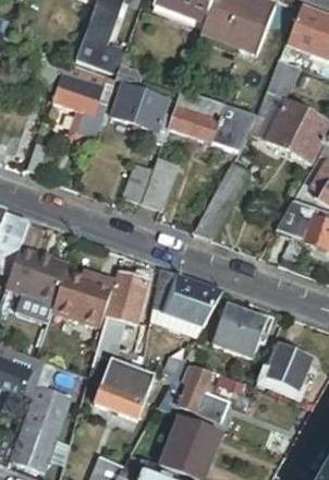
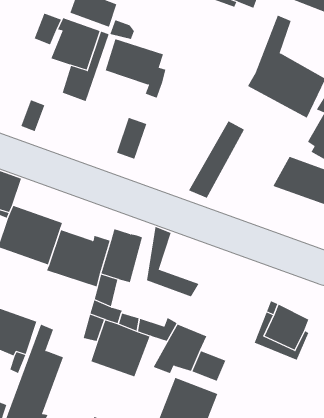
building: [168,88,258,152] -> none
building: [141,159,179,211] -> none
building: [164,274,223,324] -> none
building: [214,305,267,358] -> none

